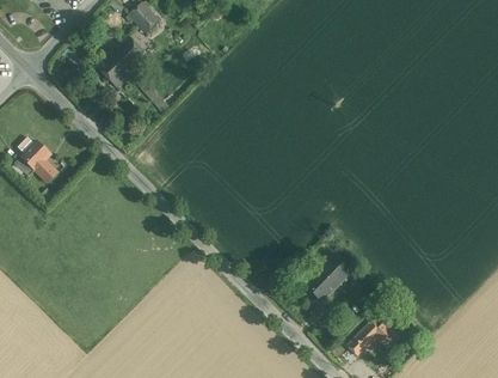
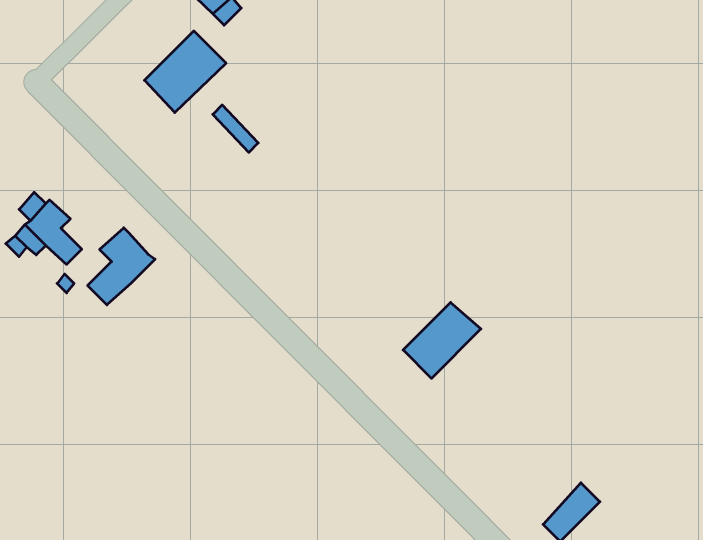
building: none -> [88,228,155,305]
building: [305,254,353,301] -> [403,302,481,378]

